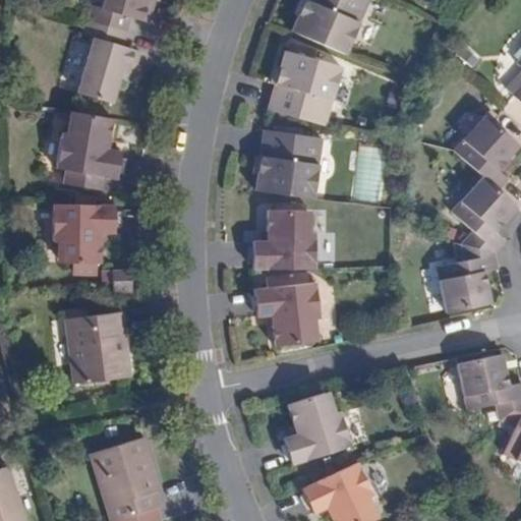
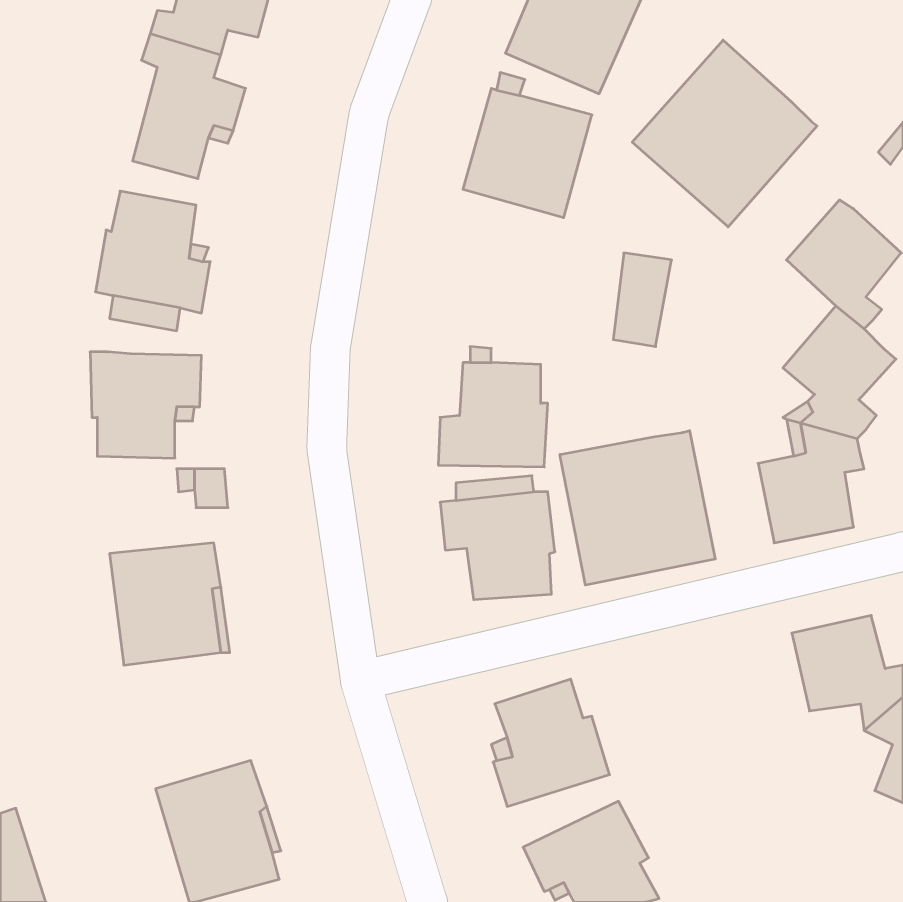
building: none -> [632,40,817,227]
building: [253,129,322,197] -> none
building: none -> [560,431,715,585]

